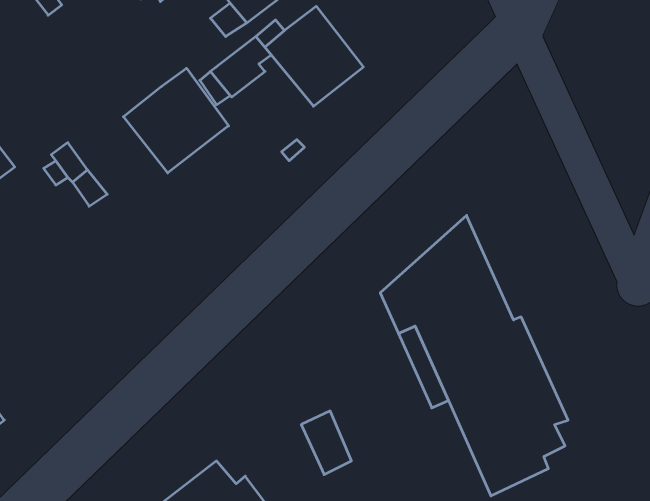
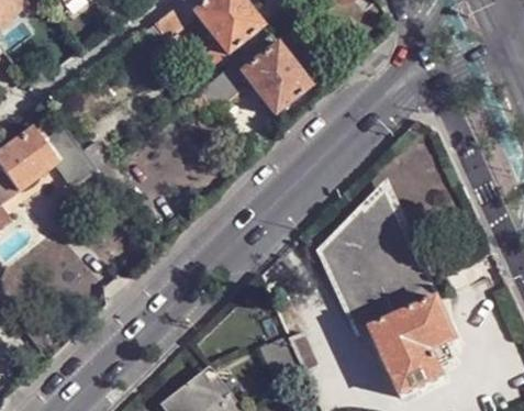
building: [123,68,229,173] -> none

